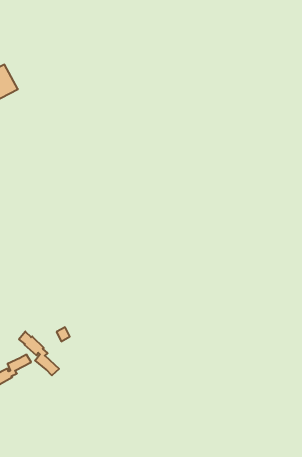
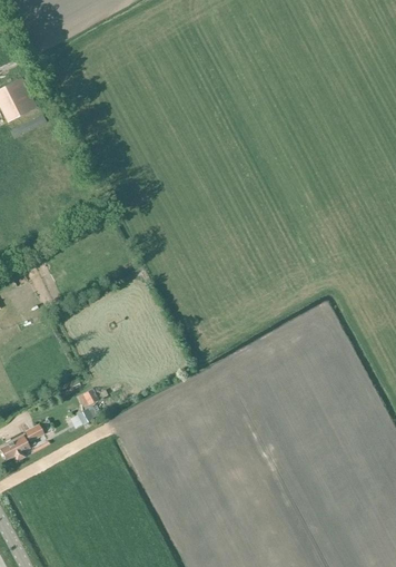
building: [19,331,59,375] -> none

